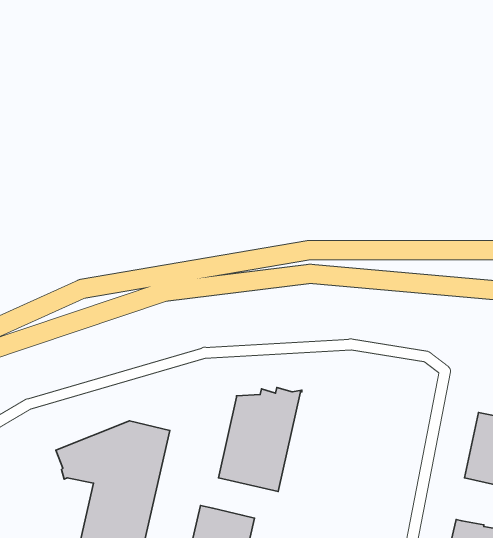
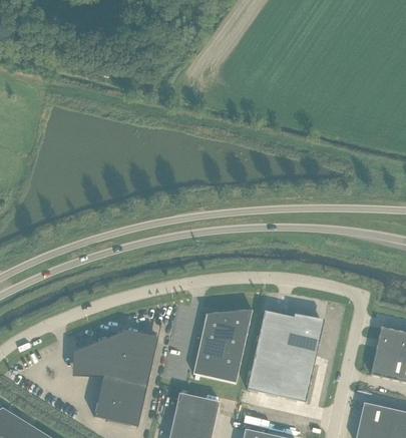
building: none -> [247,311,323,402]

